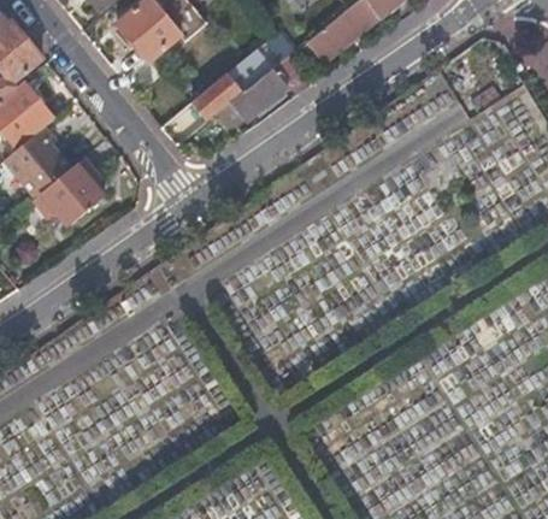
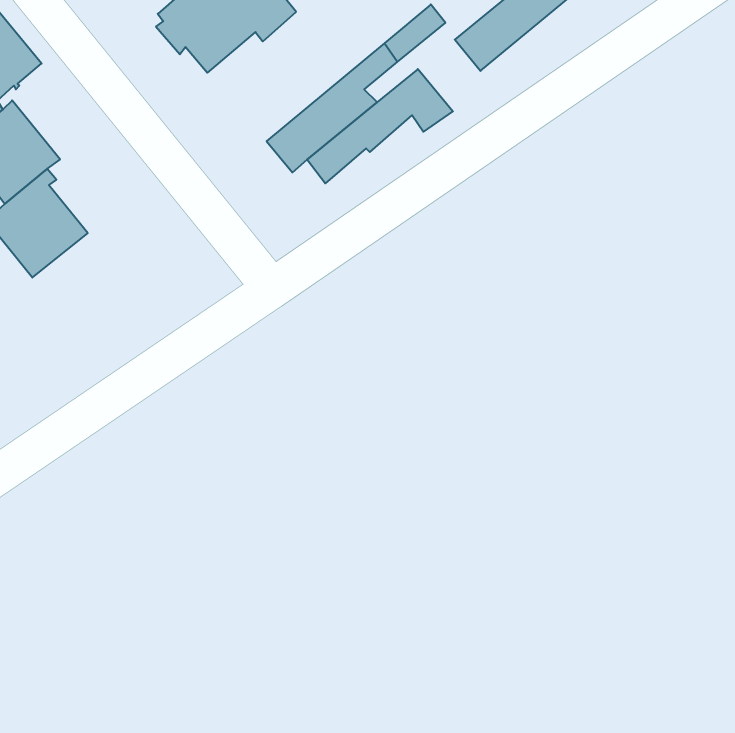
building: [31,157,102,225] -> none

